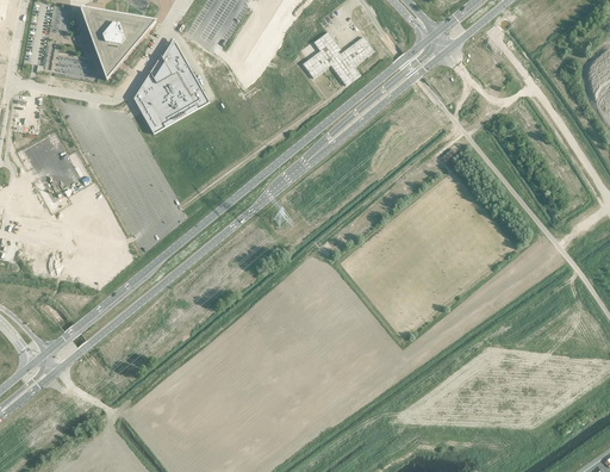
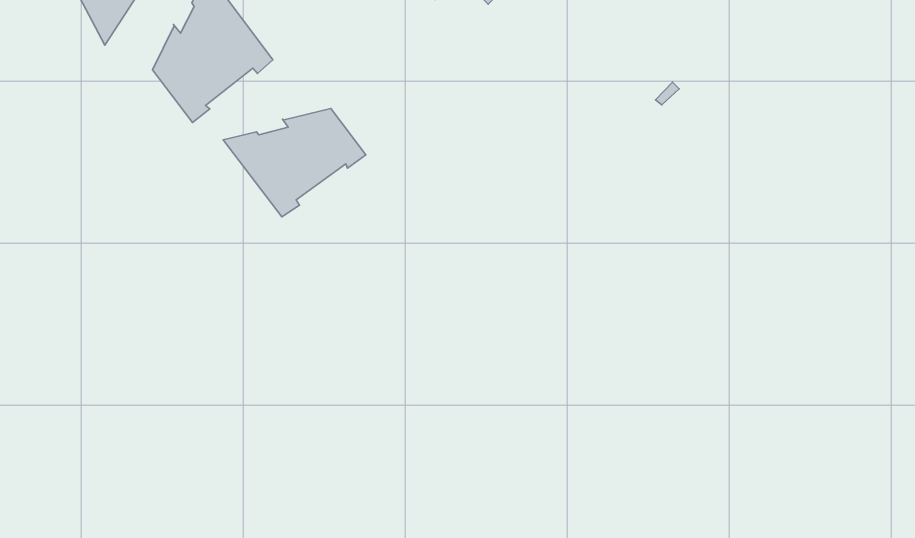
building: none -> [223,109,366,217]

